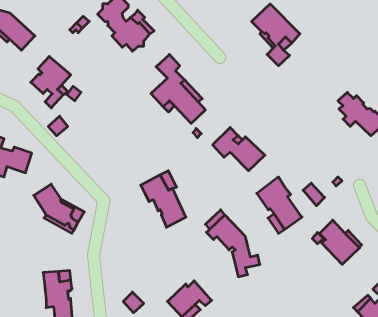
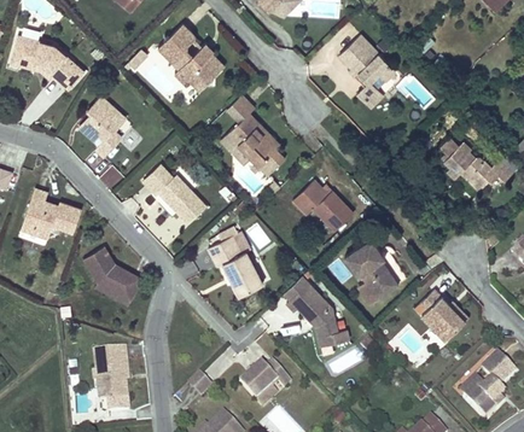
building: none -> [142,163,206,222]

